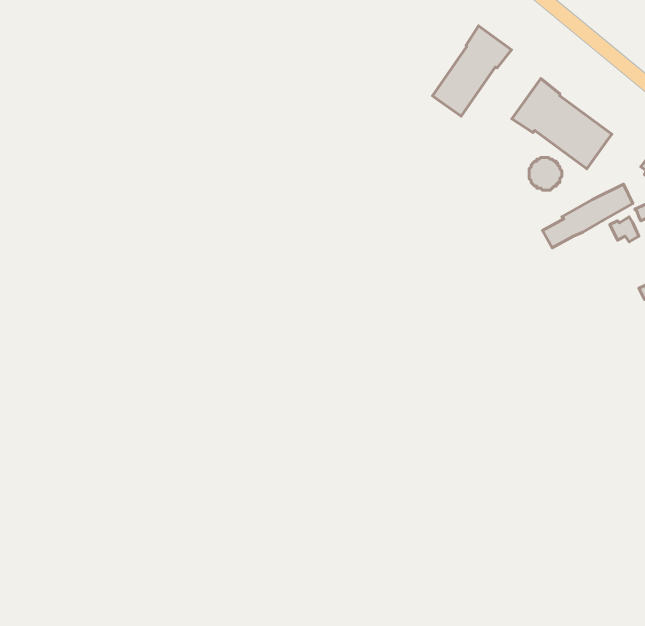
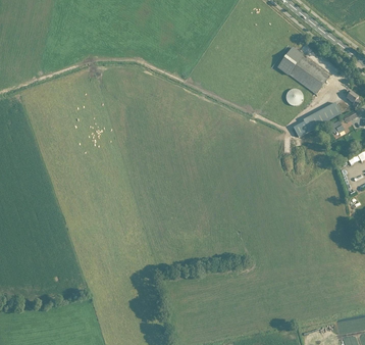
building: [432,26,512,116] -> none

